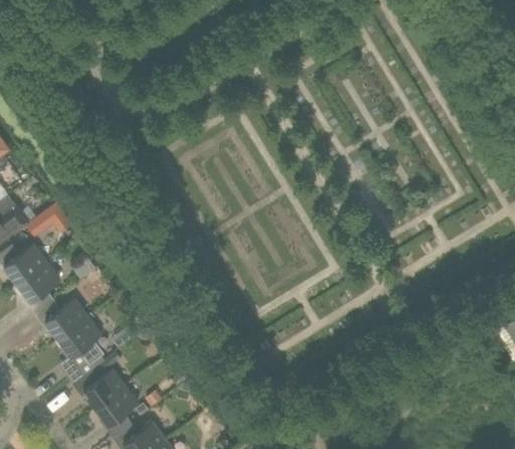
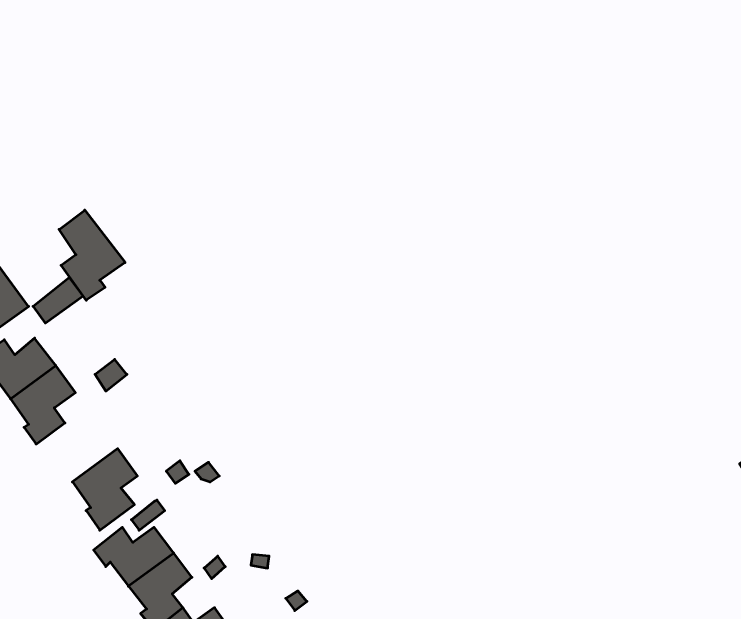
building: none -> [59,210,125,300]
building: [34,299,89,339] -> none

